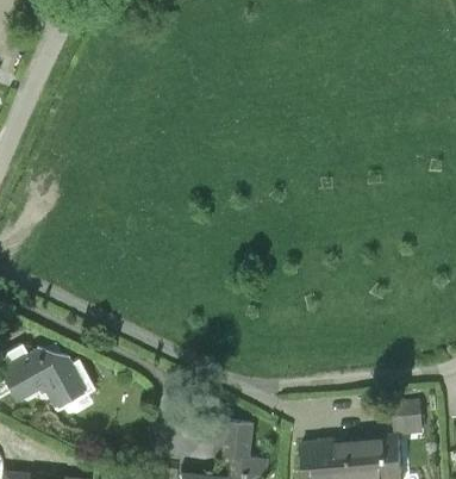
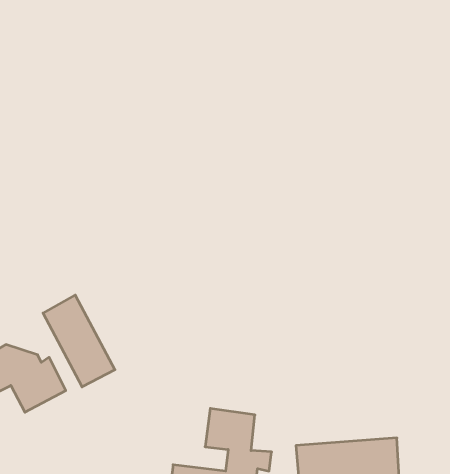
building: none -> [43,295,115,387]
building: [396,405,424,435] -> none

